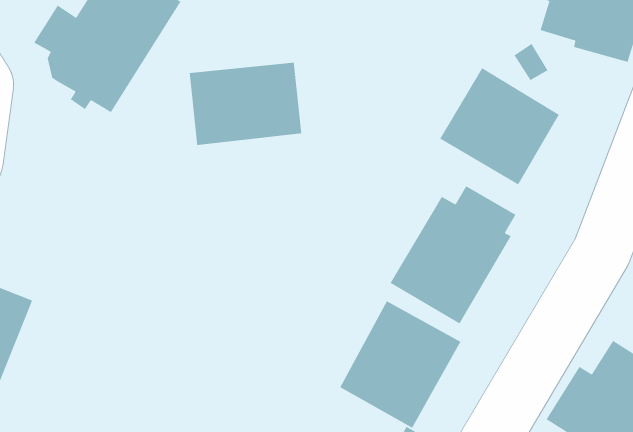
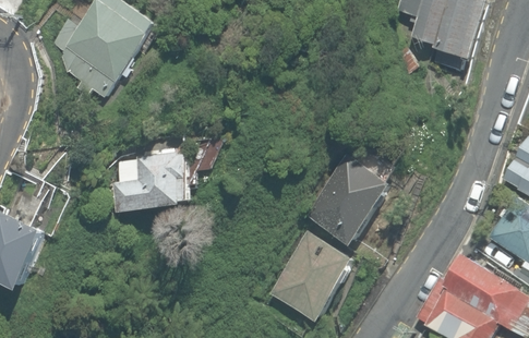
building: [189,62,302,146] -> [112,153,193,213]
building: [439,67,560,186] -> none

